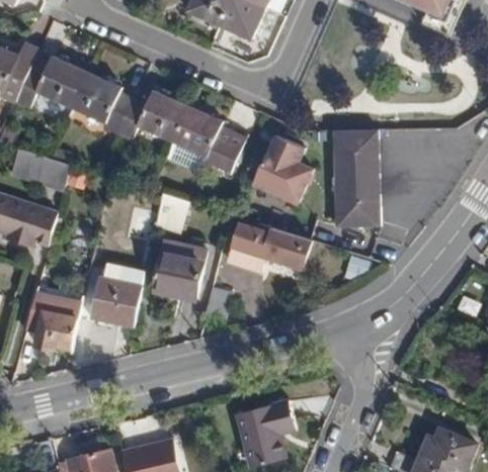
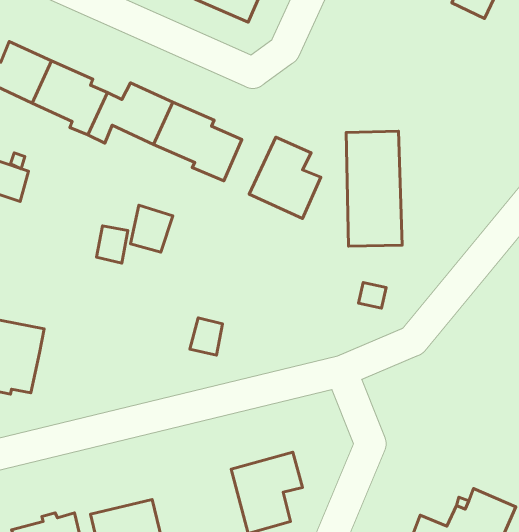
building: [225,223,309,270] -> none
building: [150,239,204,296] -> none
building: [88,275,140,326] -> none

